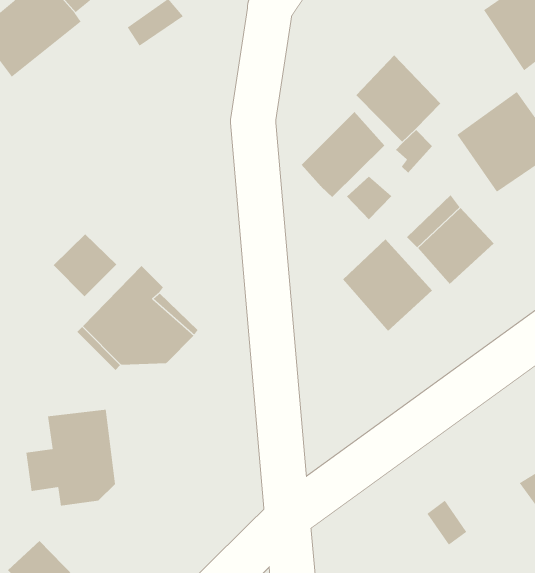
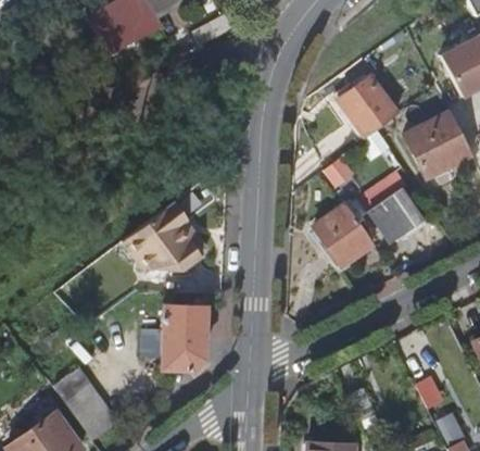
building: [301,111,385,198] -> none
building: [53,234,117,297] -> none
building: [25,409,116,506] -> [146,305,205,368]

